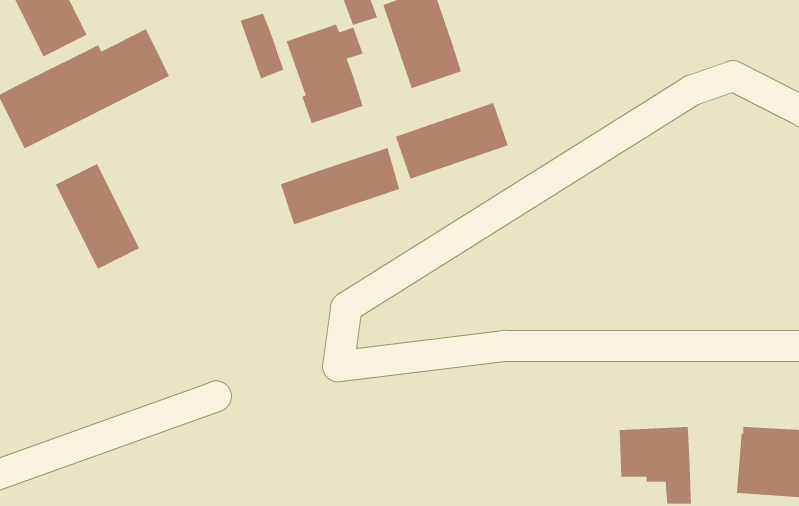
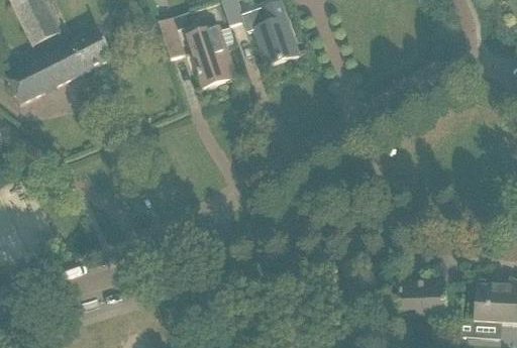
building: [395,102,508,179] -> none
building: [280,147,400,225] -> none
building: [55,163,140,270] -> none

